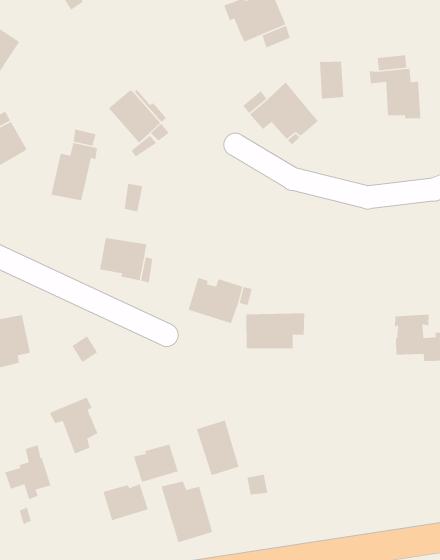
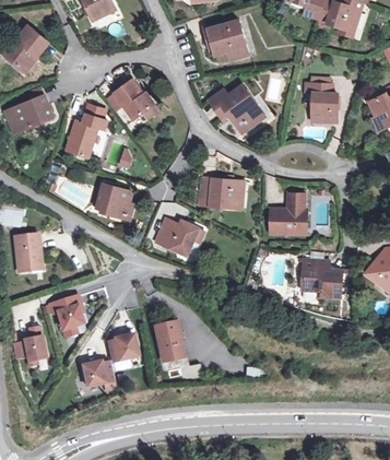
building: none -> [270,192,306,233]
building: [246,313,305,349] -> [198,178,243,207]
building: [160,481,213,543] -> none

